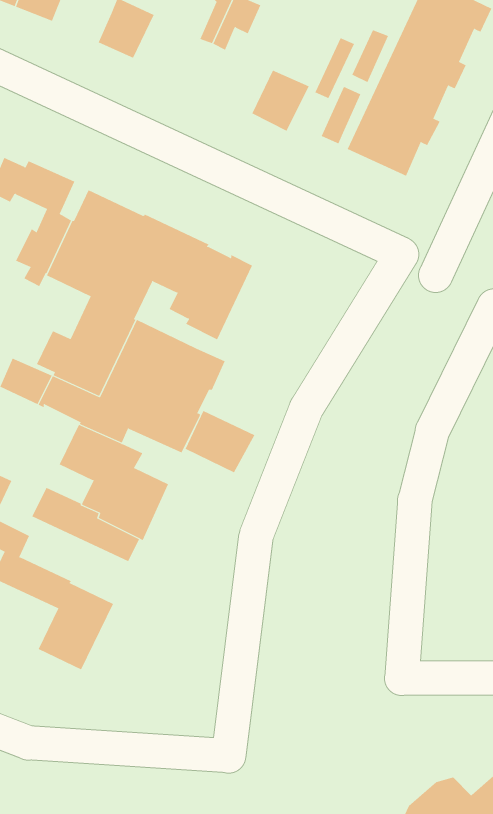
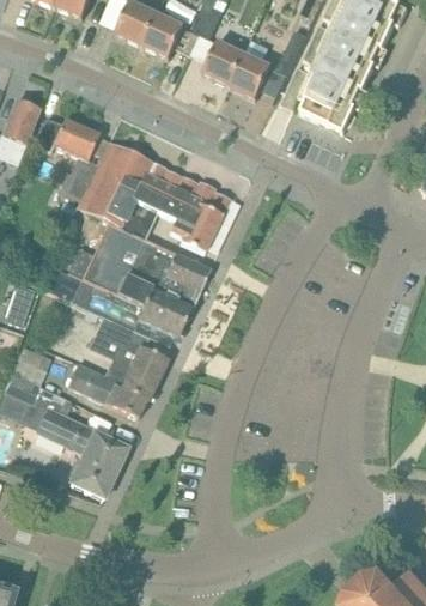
building: none -> [141,12,184,57]
building: none -> [201,40,244,85]
building: [185,410,255,473] -> none

